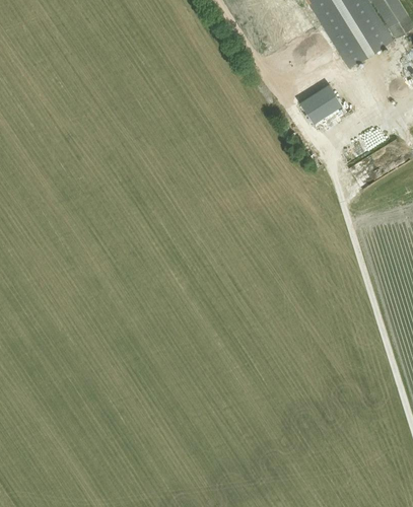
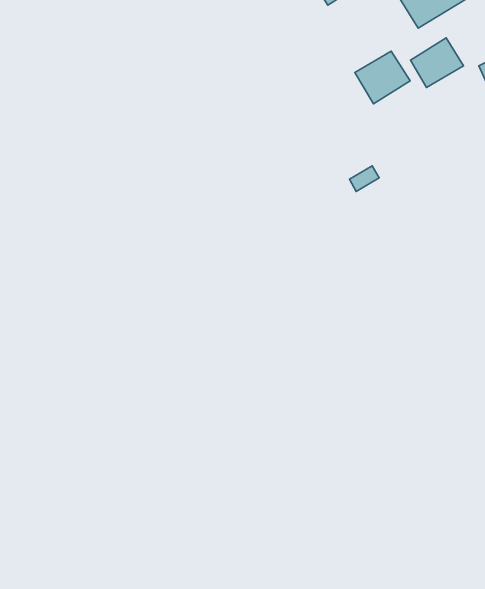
building: none -> [410,38,463,88]

